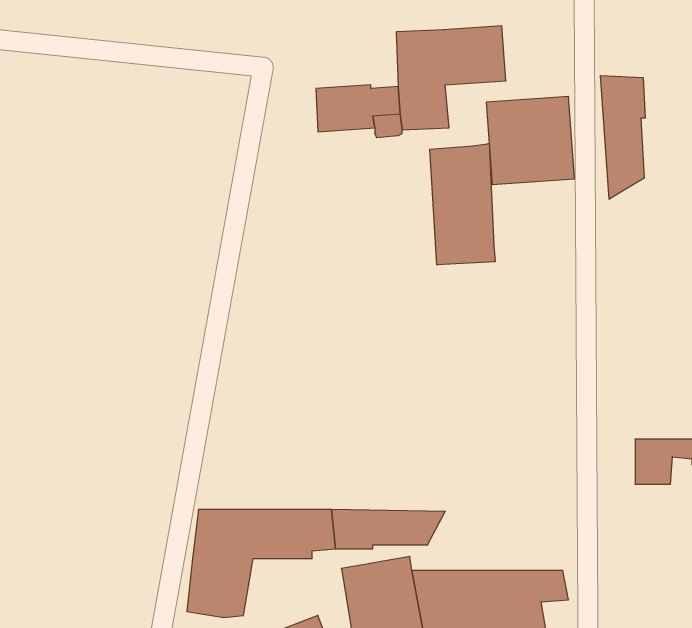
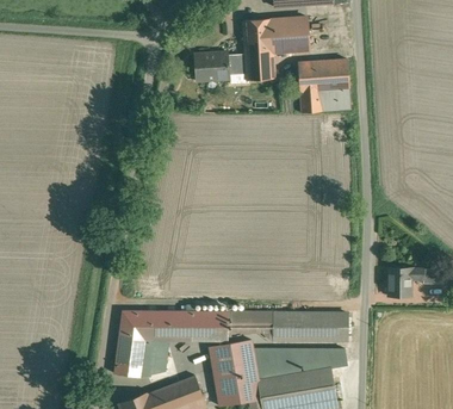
building: [600,76,645,199] -> none
building: [430,143,495,265] -> none
building: none -> [262,312,348,341]

